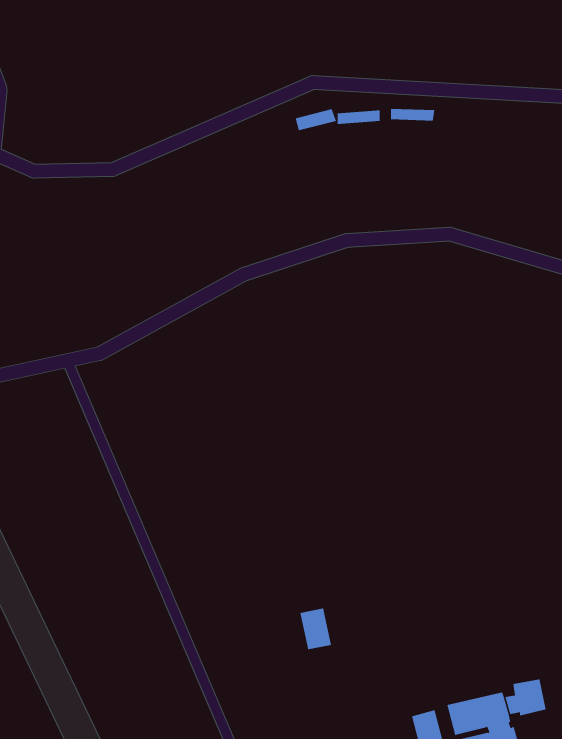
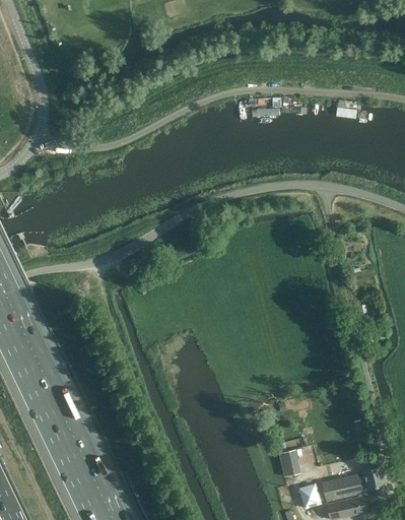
building: [300,608,332,650] -> [279,450,299,476]

